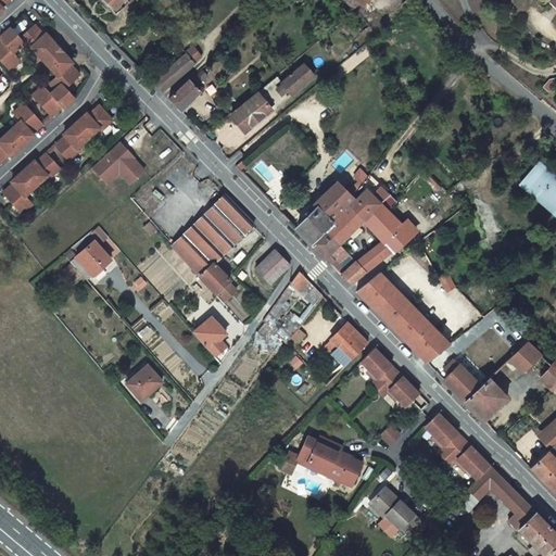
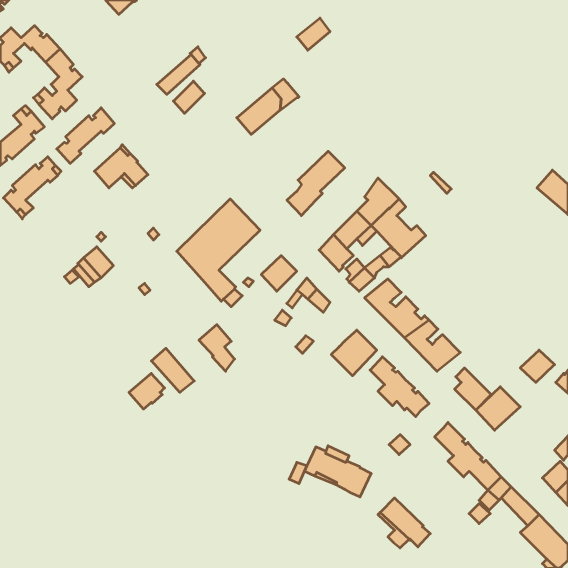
building: [281,63,314,94] -> [297,18,330,50]
building: [298,181,354,244] -> [287,151,345,216]
building: none -> [151,348,194,392]

